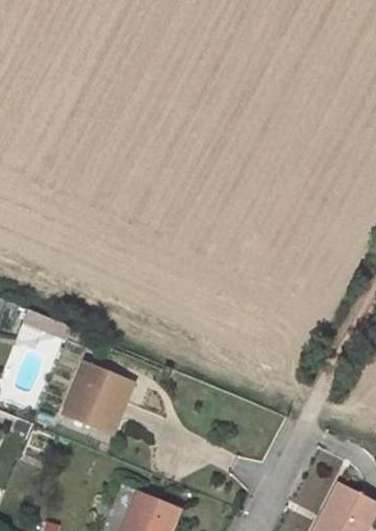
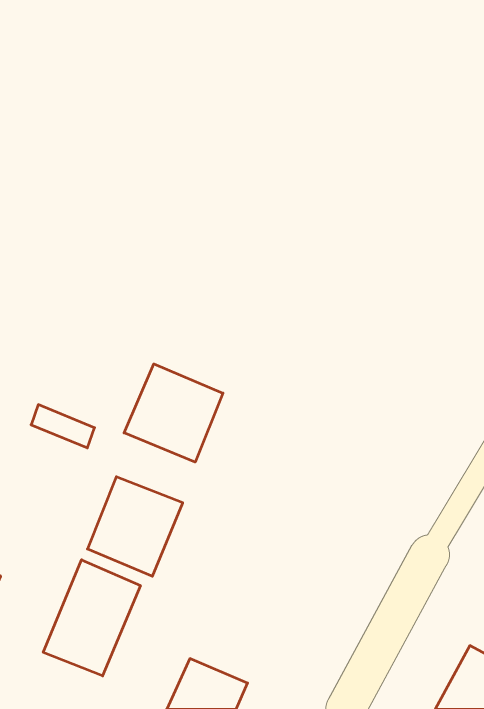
building: none -> [124,364,223,462]
building: none -> [43,560,140,676]

